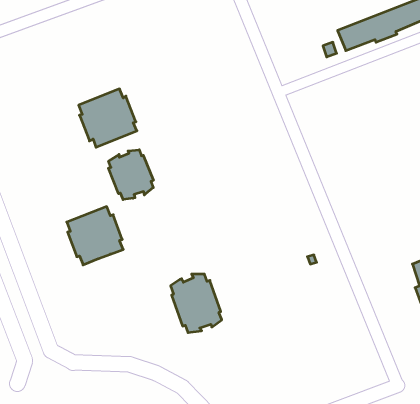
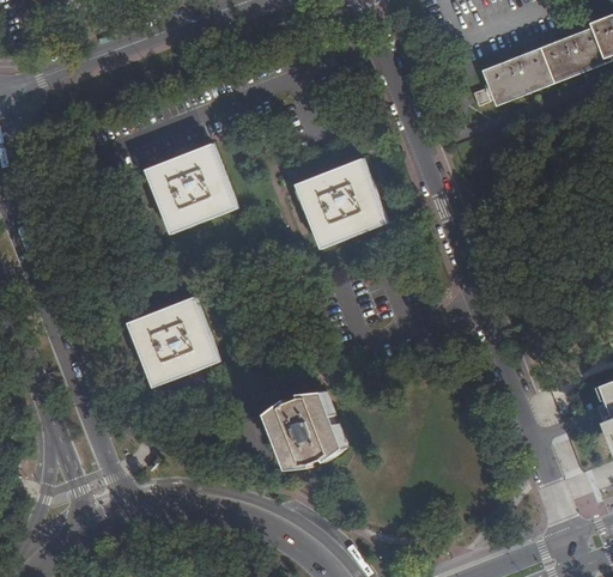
building: none -> [299,163,377,242]
building: [108,150,153,200] -> none

